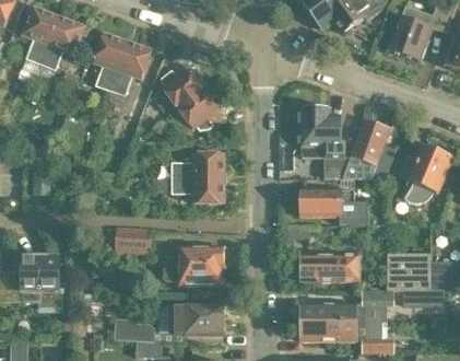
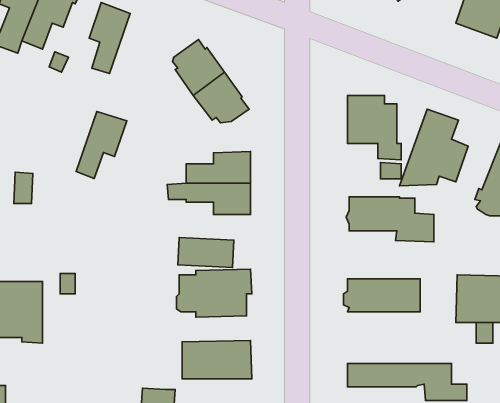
building: [110,42,151,95] -> [76,111,127,178]
building: [106,228,151,252] -> [178,237,234,268]
building: [300,289,394,322] -> none
building: [115,318,156,342] -> none

